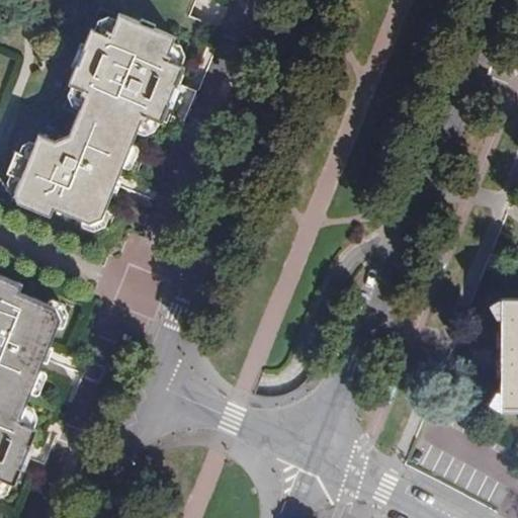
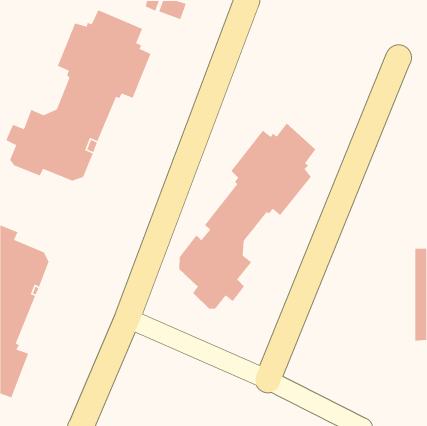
building: none -> [179,122,316,310]

